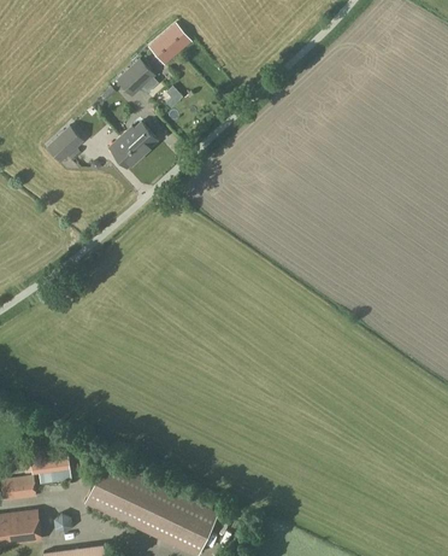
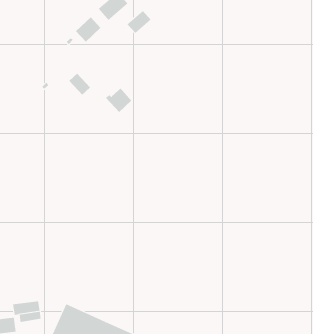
building: none -> [127,10,152,34]
building: [119,123,157,158] -> [105,88,132,113]
building: [47,127,82,162] -> none

